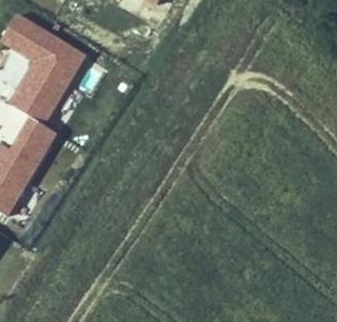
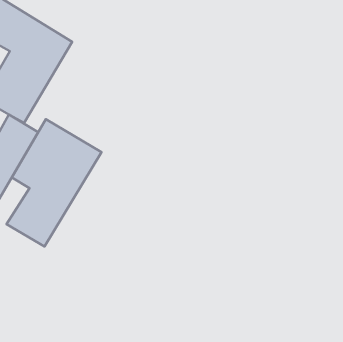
building: none -> [7,119,102,246]

